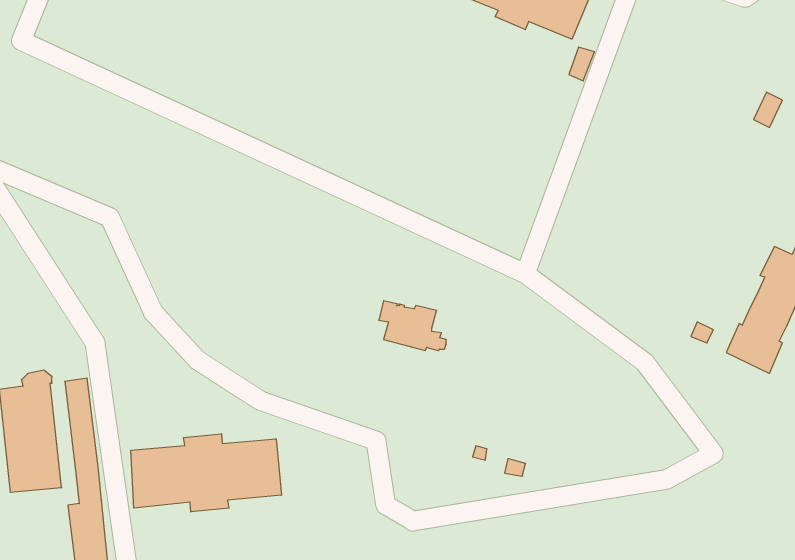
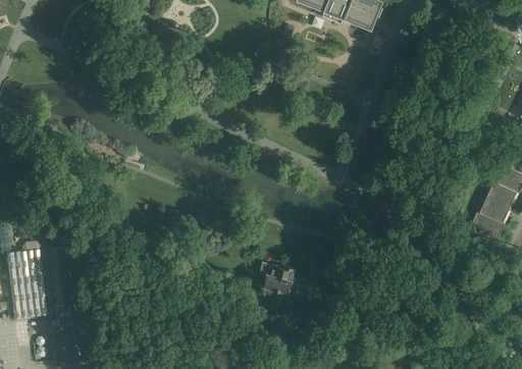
building: [379,301,446,351] -> [258,262,301,294]
building: [131,434,281,512] -> none

